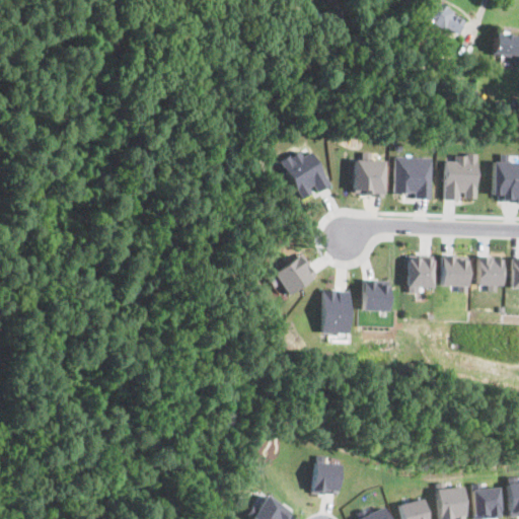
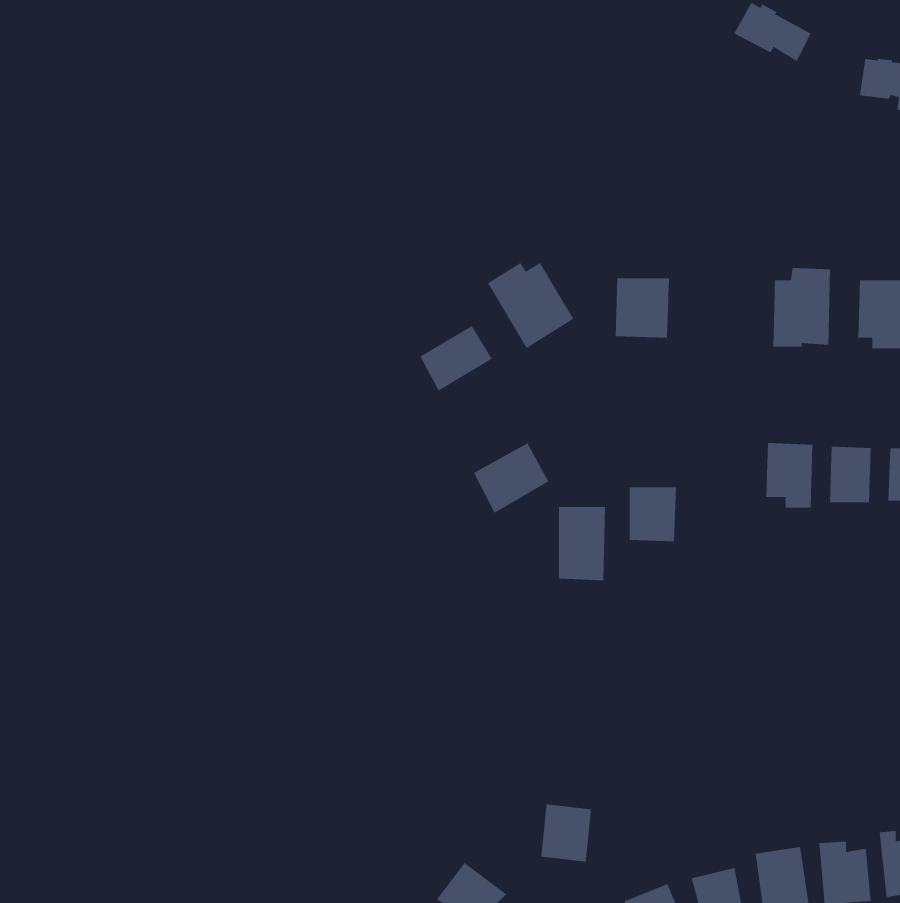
building: [394,156,433,199] -> none
building: none -> [419,325,492,391]
building: [407,256,436,293] -> none

